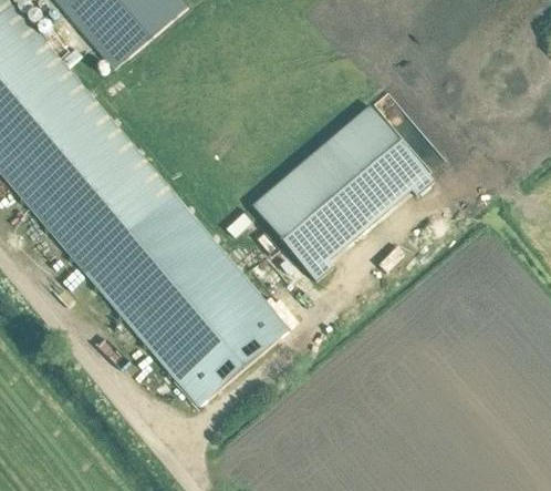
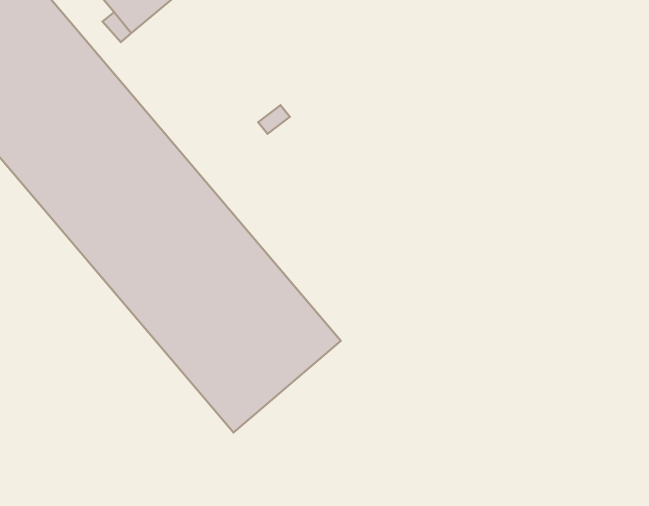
building: [251,105,432,279] -> none

